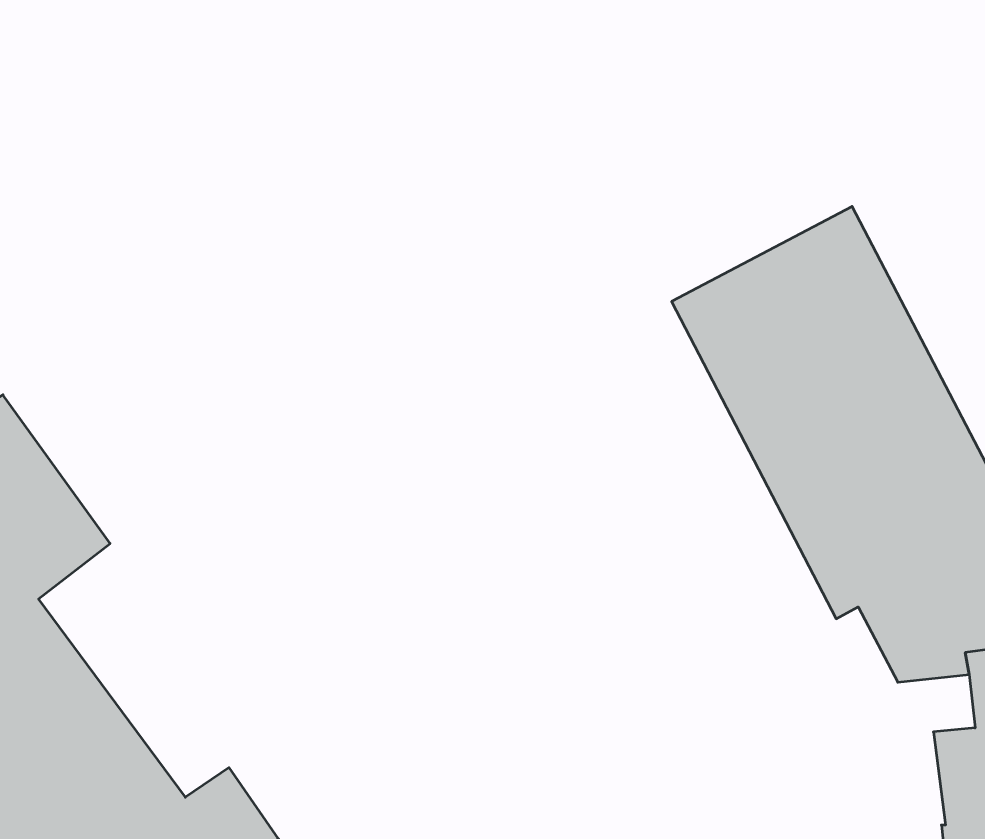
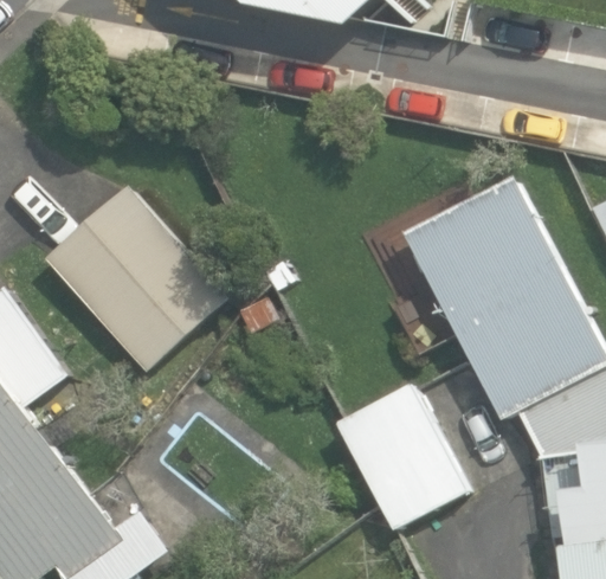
building: none -> [45,184,228,369]
building: none -> [333,380,468,532]

